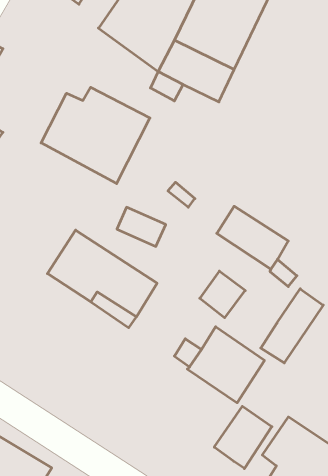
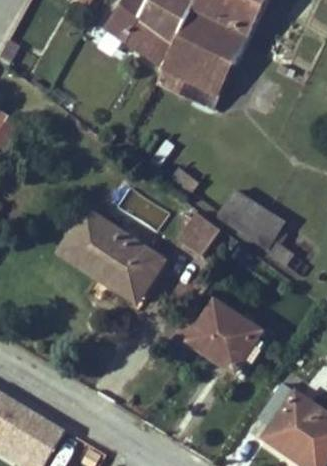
building: [41,87,150,184] -> none
building: [200,271,245,318] -> [178,213,220,256]
building: [261,289,323,363] -> none
building: [214,406,272,469] -> none

